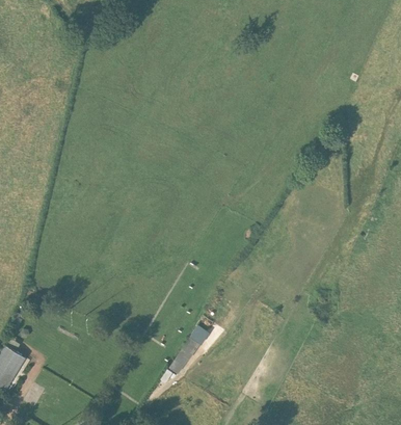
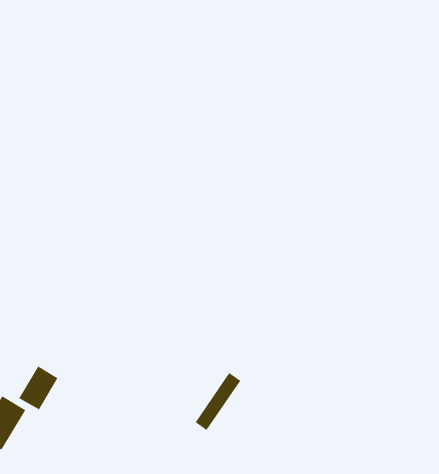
building: none -> [18,366,58,410]

